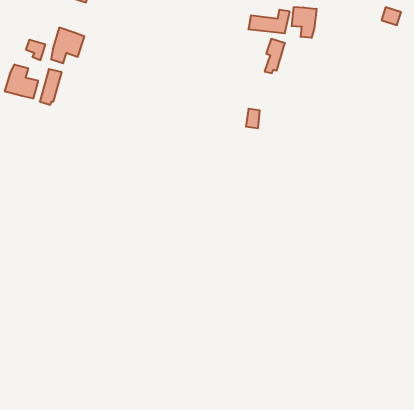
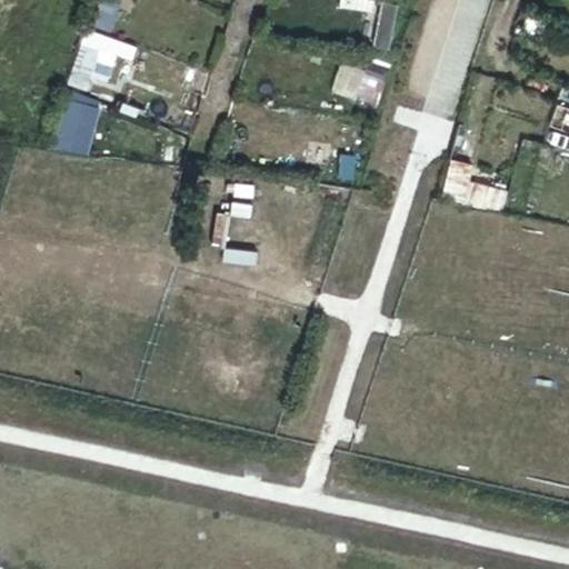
building: [292,7,317,38] -> none
building: [5,64,38,99] -> none

